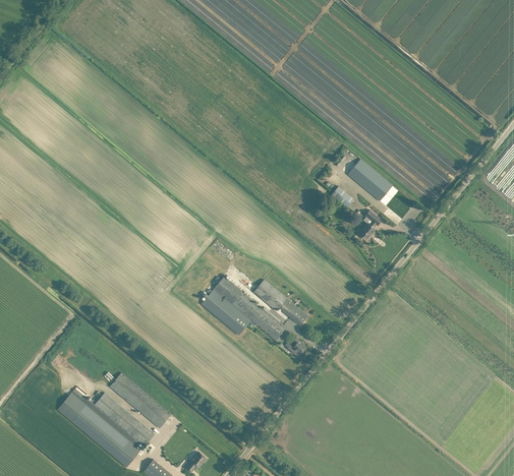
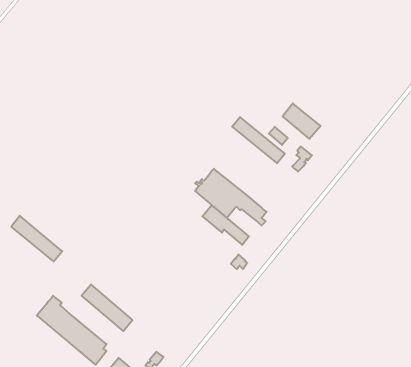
building: none -> [232,117,285,163]
building: [201,278,285,345] -> [195,169,267,226]
building: [94,393,154,447] -> [11,216,62,261]

